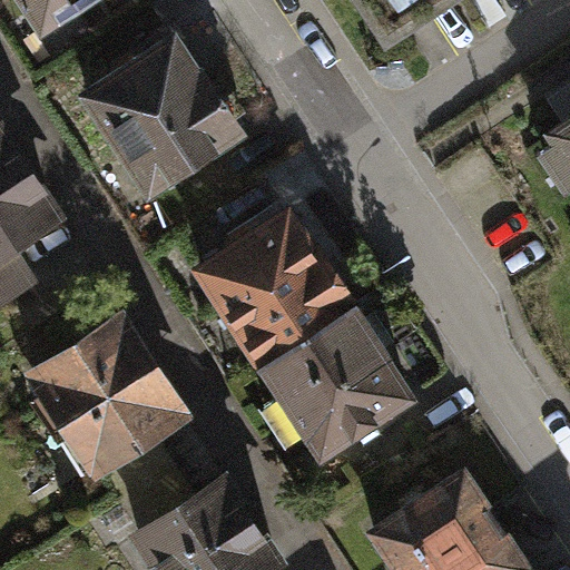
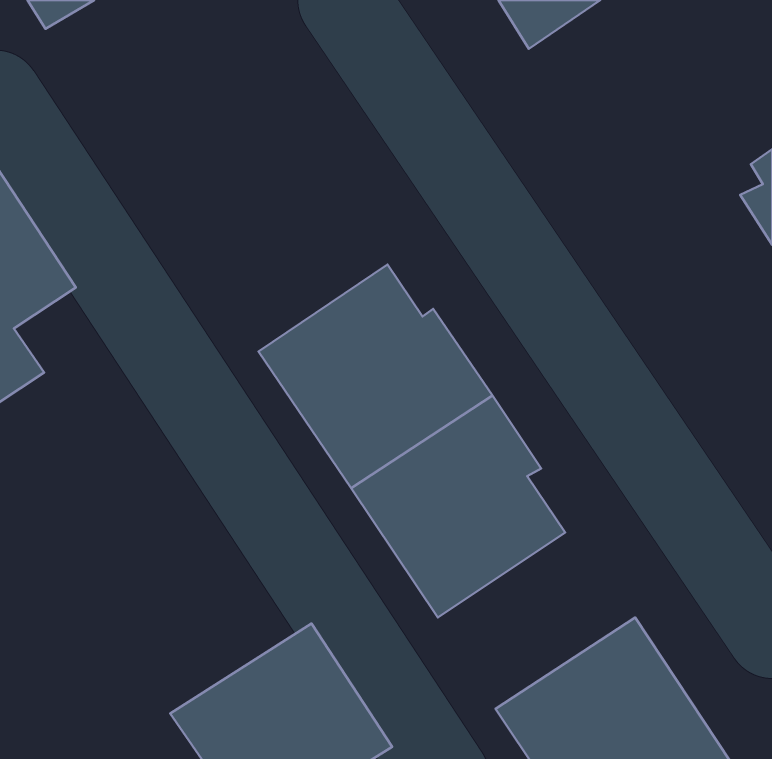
building: [75,32,250,203] -> none
building: [21,314,189,487] -> none

